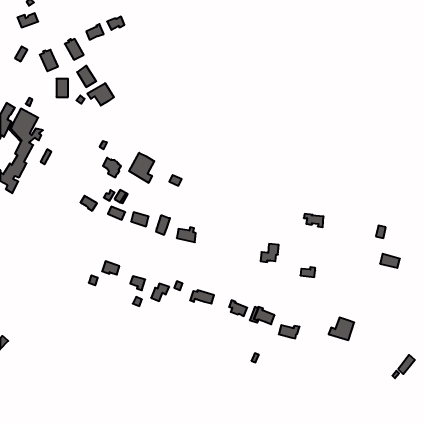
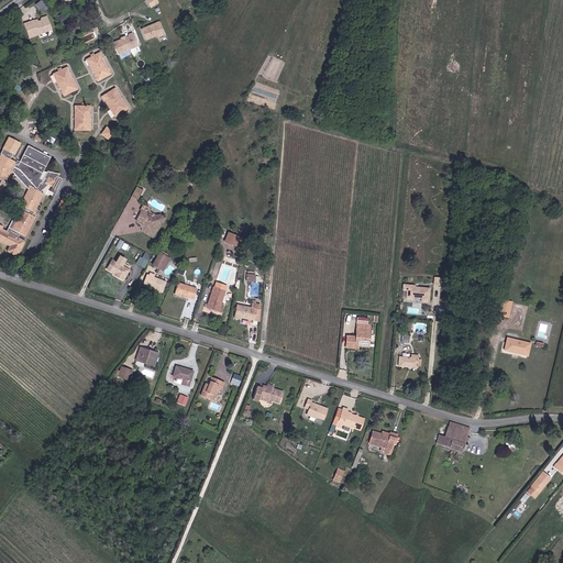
building: [87,83,114,106] -> none
building: [129,153,154,183] -> none

